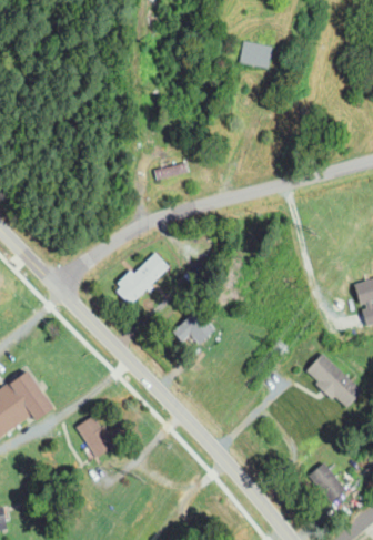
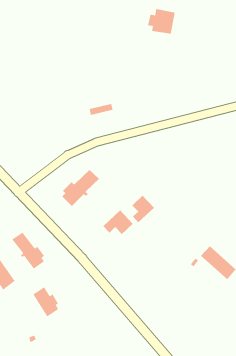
building: none -> [132,195,155,223]
building: none -> [12,232,45,270]
building: [310,463,345,501] -> none

